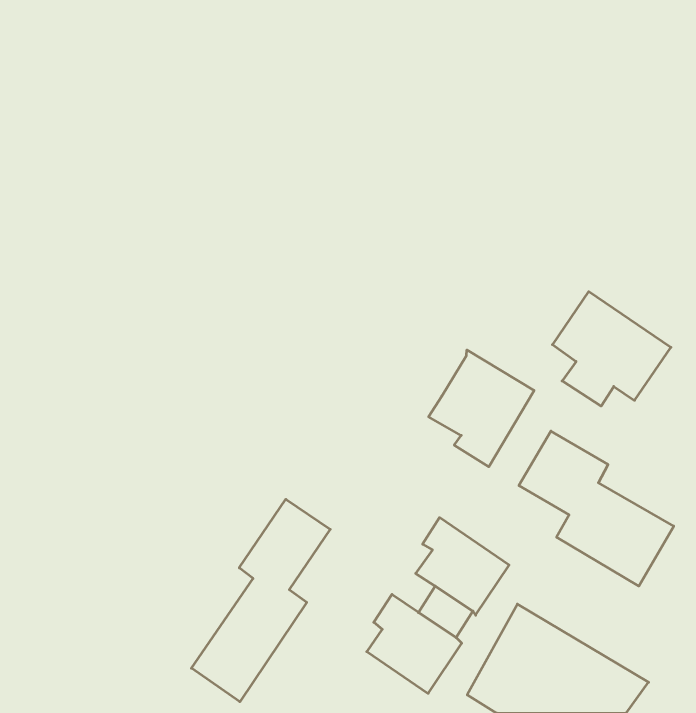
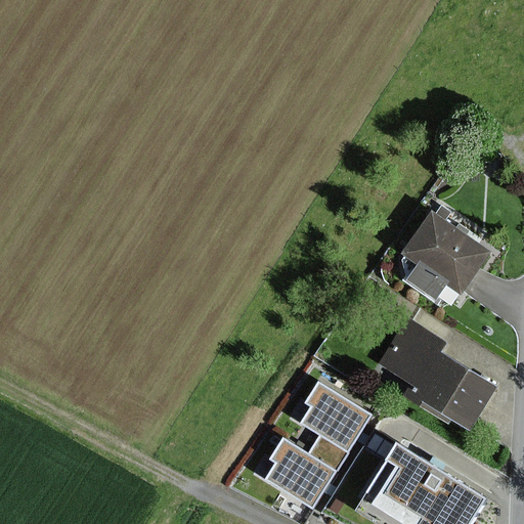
building: [429,350,534,467] -> none
building: [191,499,330,702] -> none

